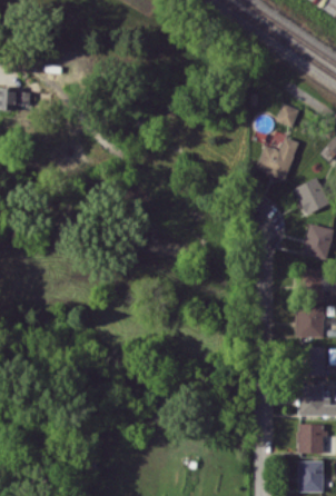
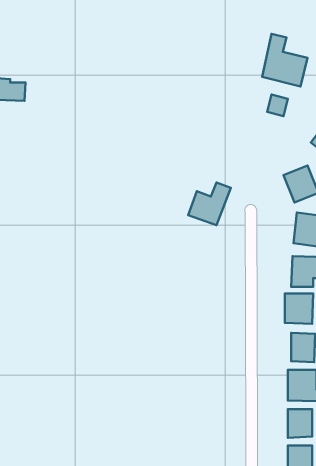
building: none -> [262,34,308,86]
building: [256,137,299,180] -> [188,182,231,225]

